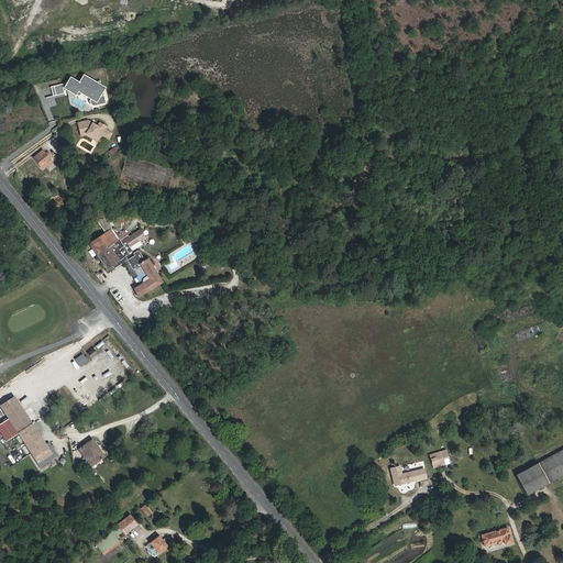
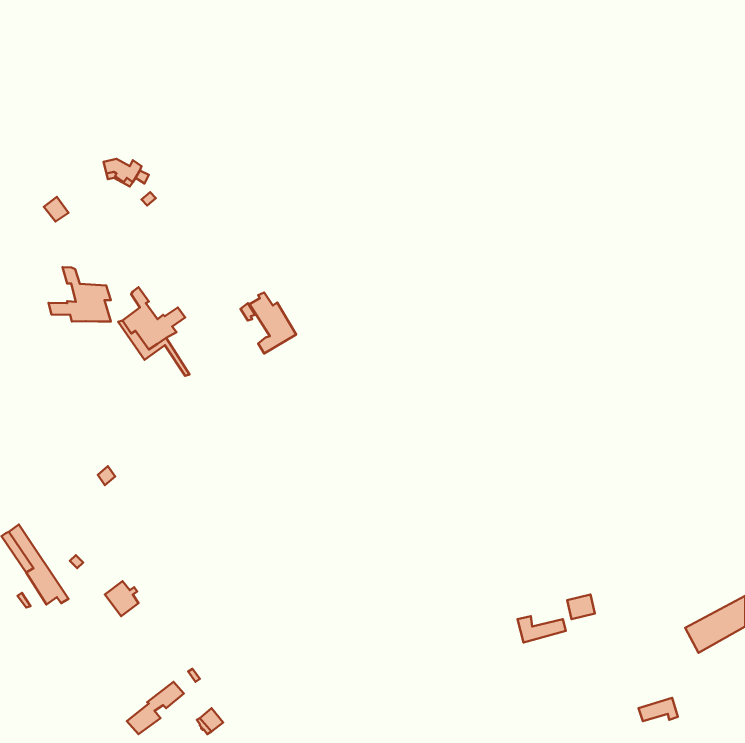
building: [51,79,106,106] -> none
building: none -> [48,267,111,322]
building: [128,250,163,296] -> [250,292,296,354]

